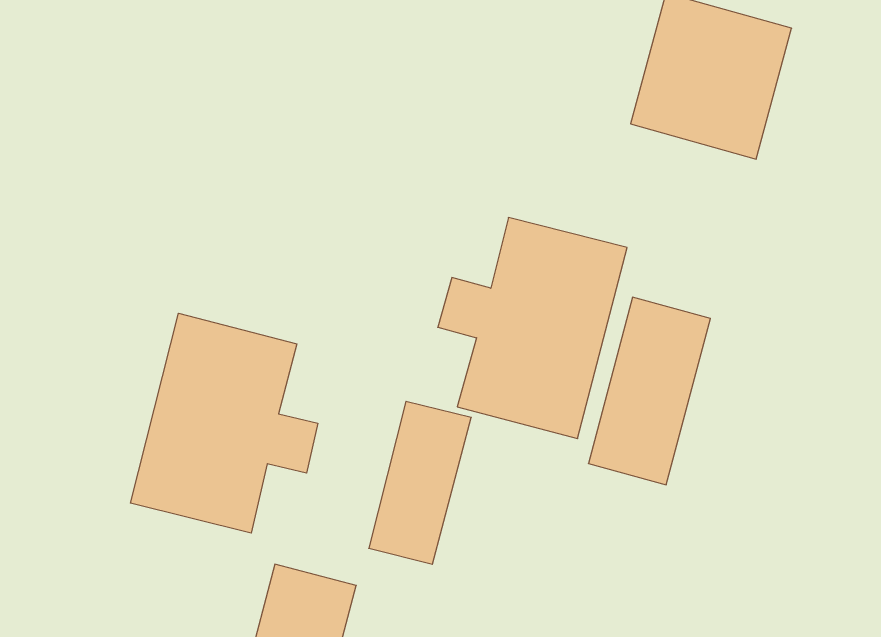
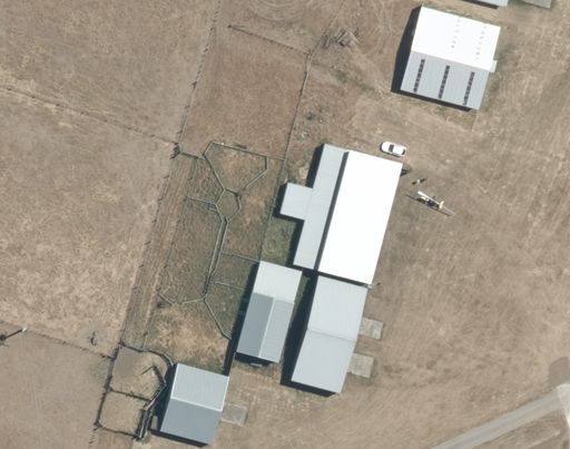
building: [588,297,710,485] -> [291,275,367,393]
building: [130,313,318,533] -> none

